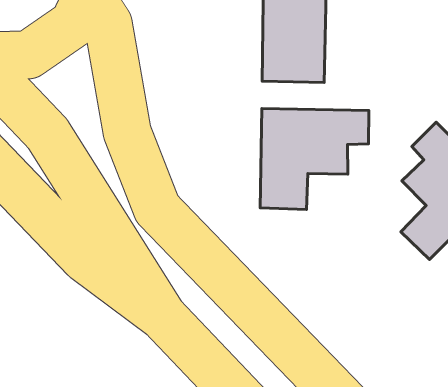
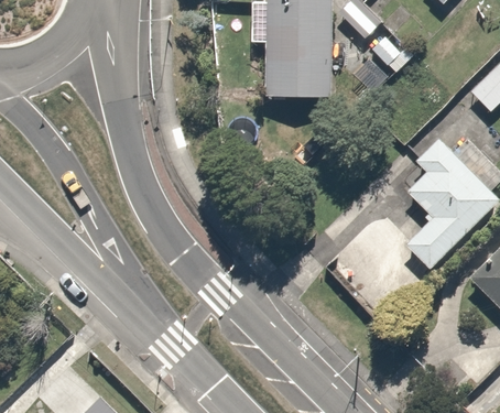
building: [260,108,369,209] -> none

